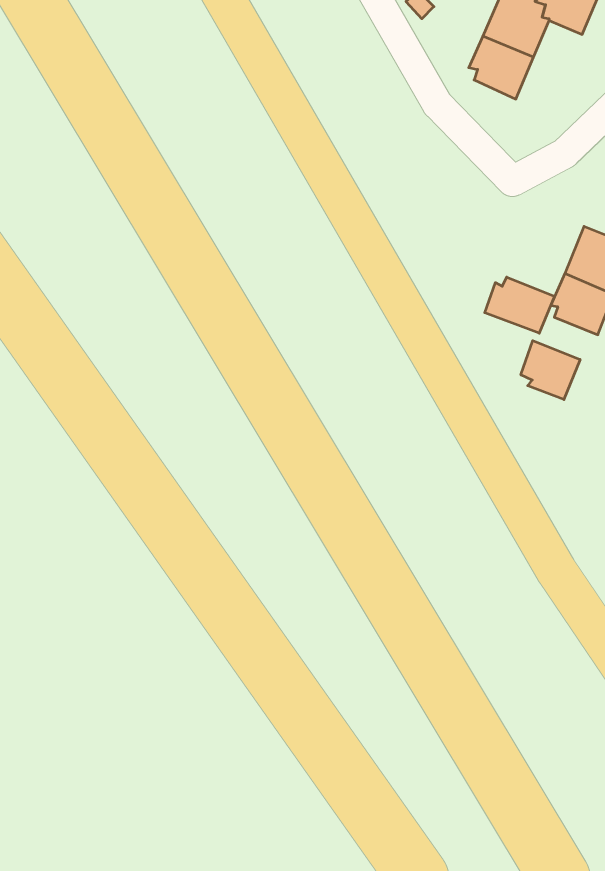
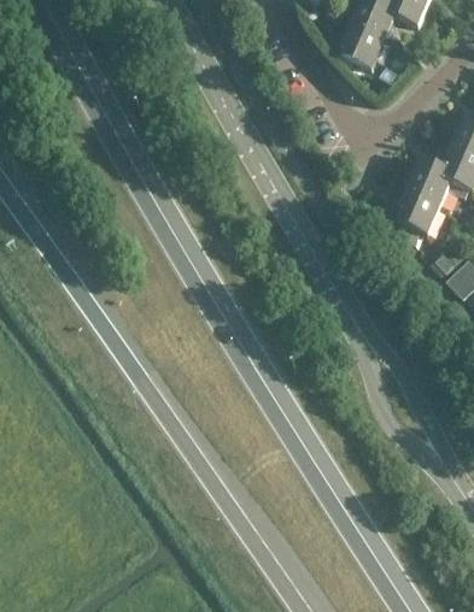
building: [485,277,554,333] -> none
building: [521,341,580,400] -> none

